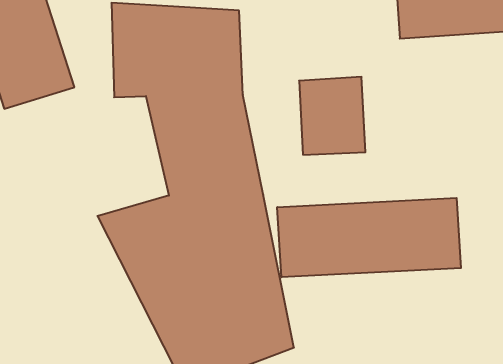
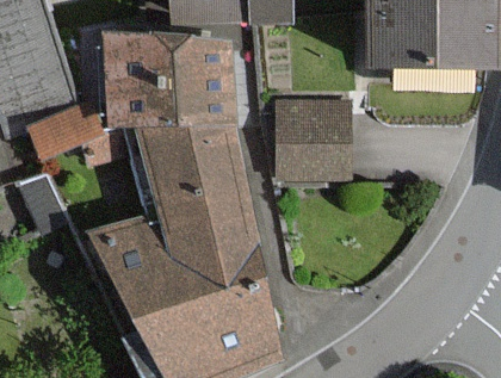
building: [277,198,461,277] -> none

